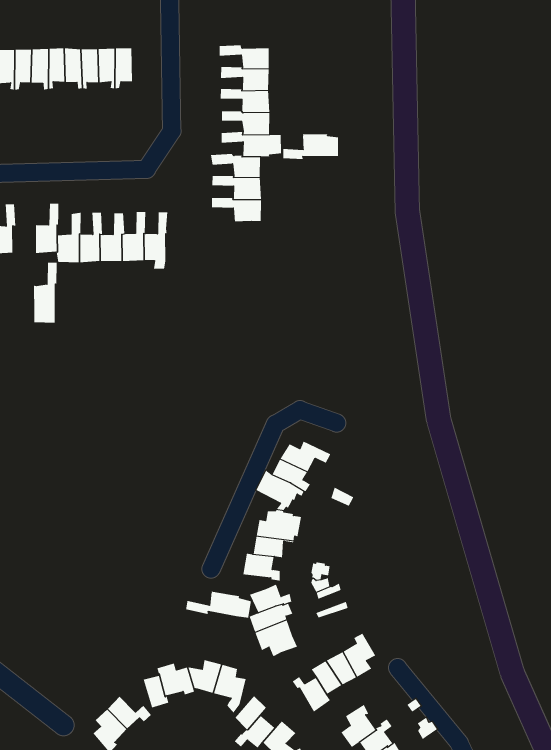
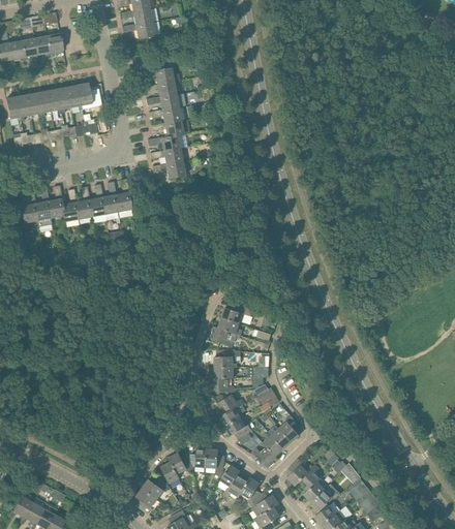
building: [283,133,339,160] -> none
building: [33,262,57,323] -> [34,187,52,226]
building: [185,591,252,619] -> none

